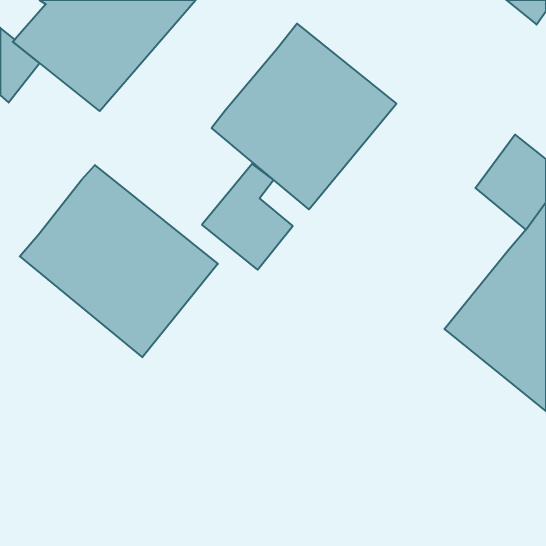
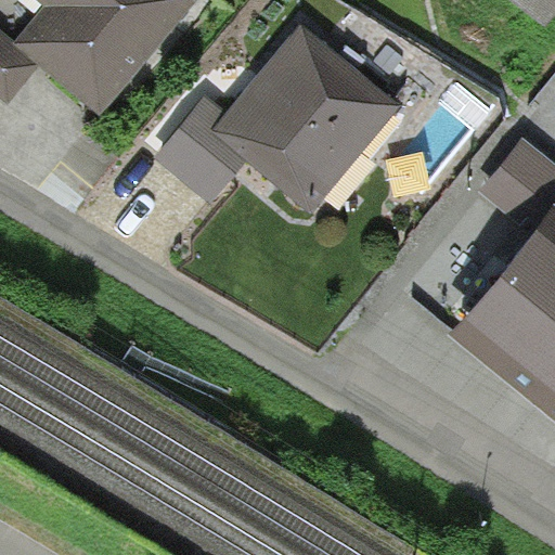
building: [202,164,293,270] -> [156,95,248,203]
building: [20,165,218,357] -> none

